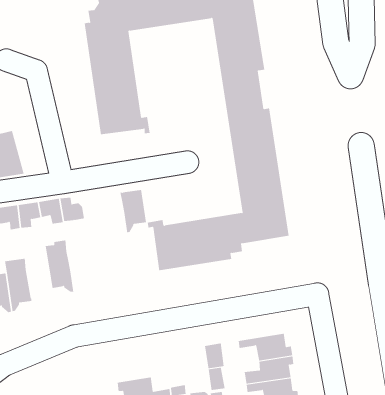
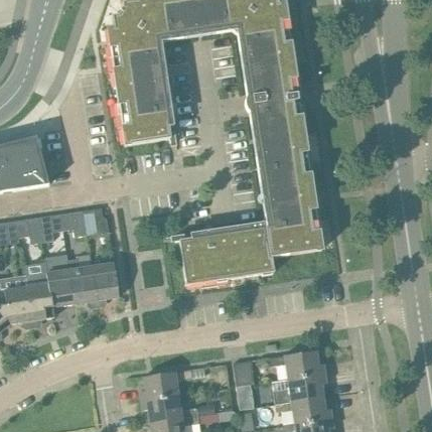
building: [120,189,147,233] -> [90,262,118,307]
building: none -> [44,258,74,313]
building: none -> [139,369,191,401]

